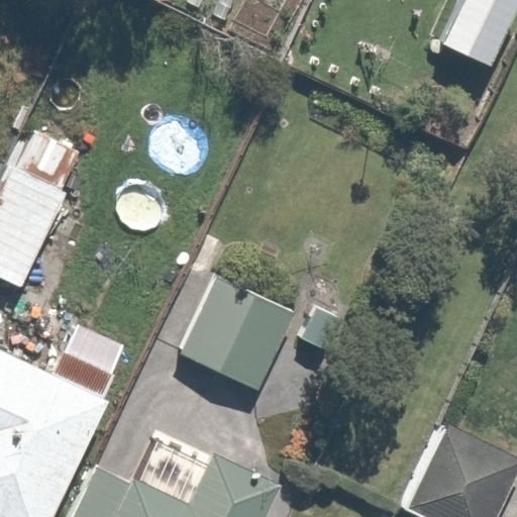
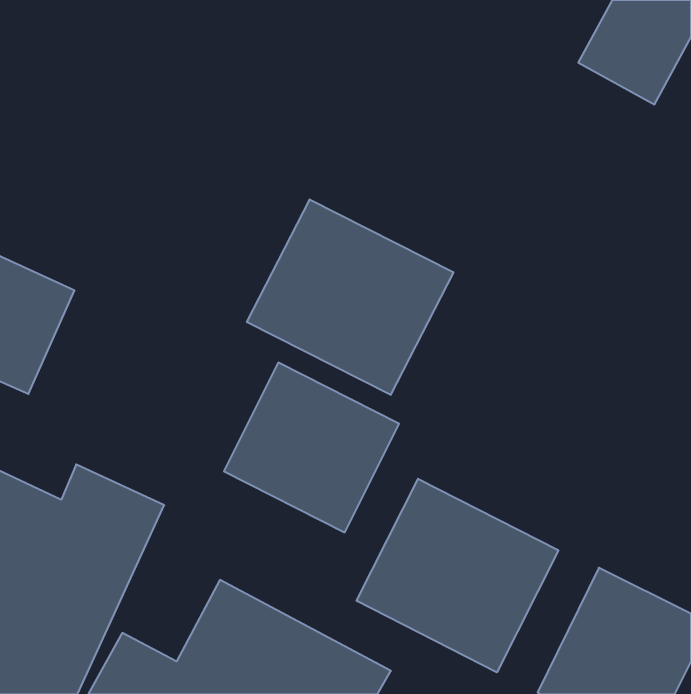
building: none -> [247,199,453,395]
building: none -> [357,479,558,672]

